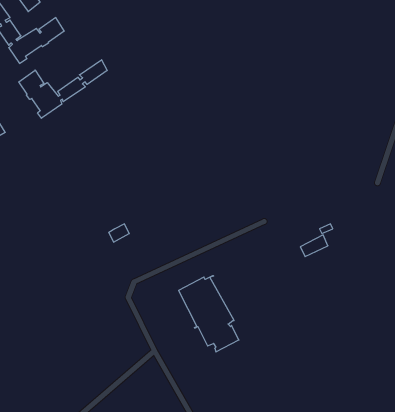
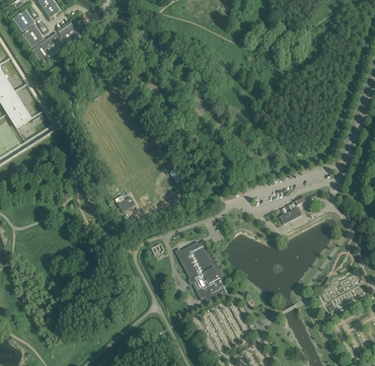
building: [19,60,107,118] -> none

